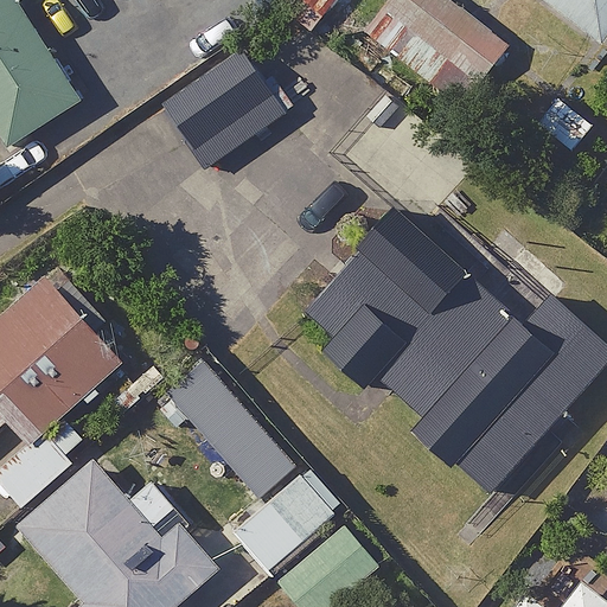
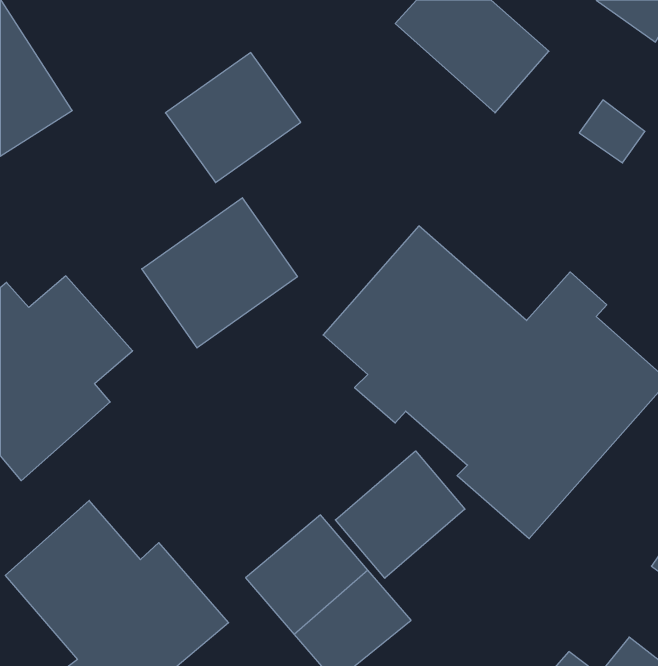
building: none -> [142,198,297,348]
building: none -> [335,451,465,578]

